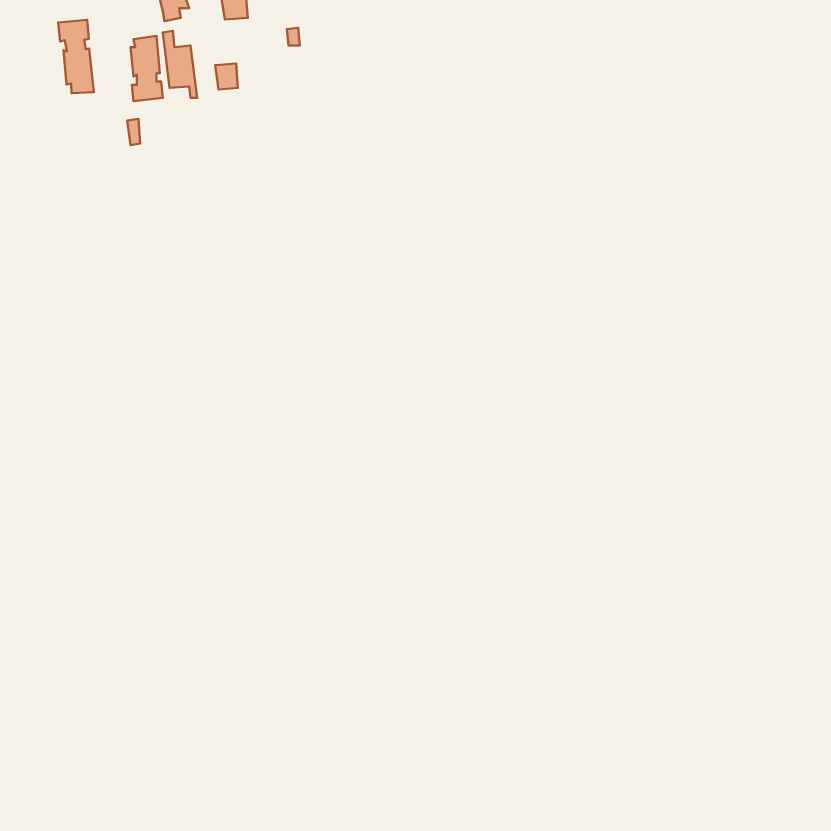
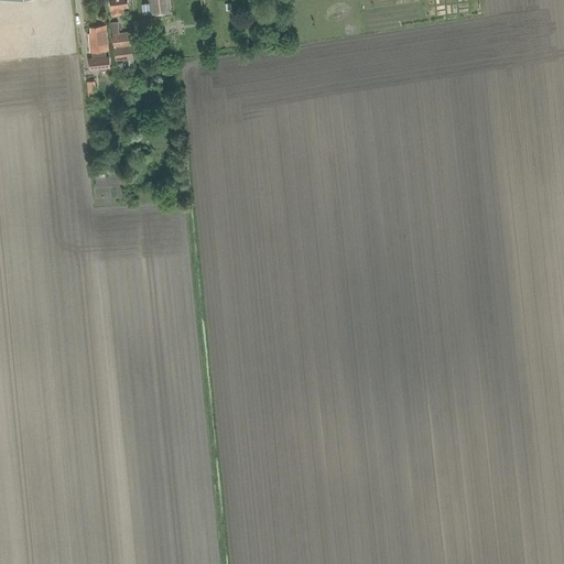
building: [58,20,94,93] -> none

